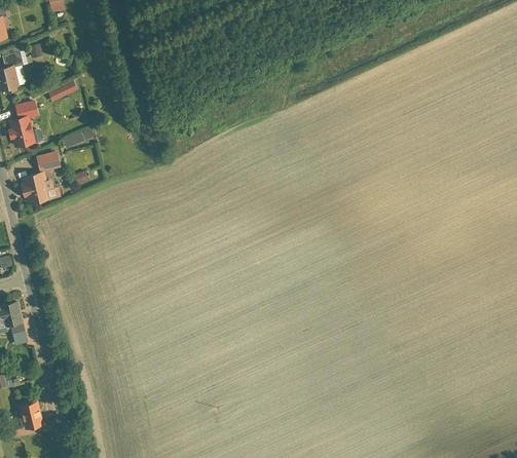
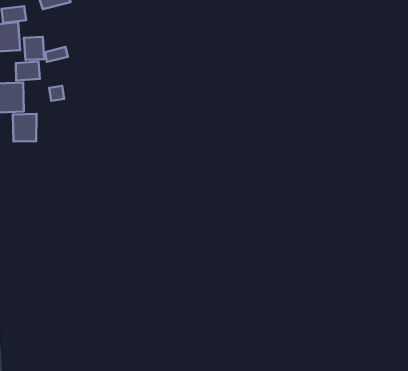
building: none -> [24,37,44,60]
building: none -> [13,114,37,142]

